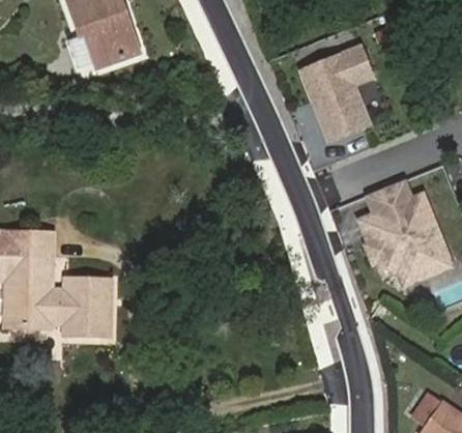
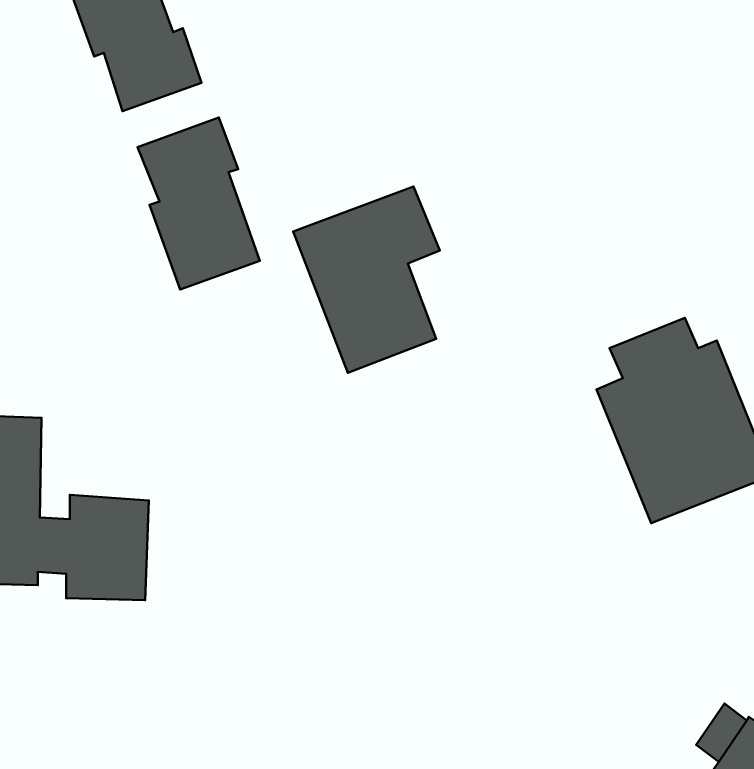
building: [296,44,377,146] -> [293,187,440,373]
building: none -> [137,117,260,289]

